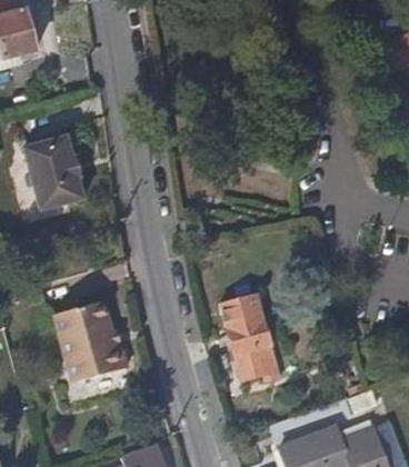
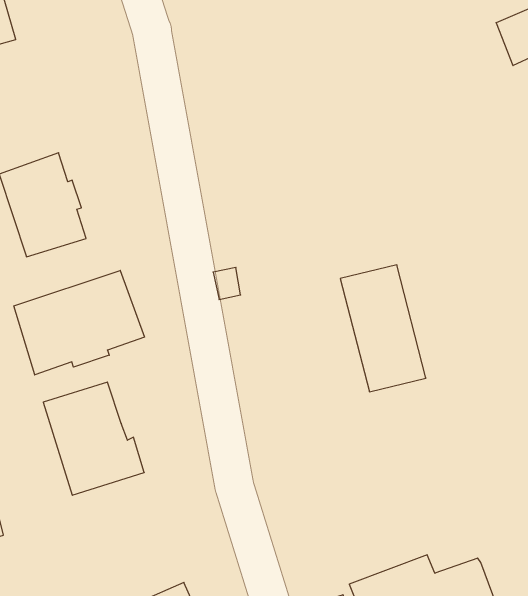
building: none -> [14,270,145,375]
building: [222,290,285,382] -> [340,265,426,392]

